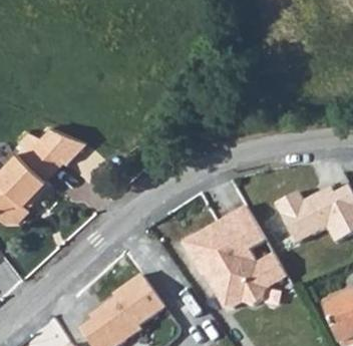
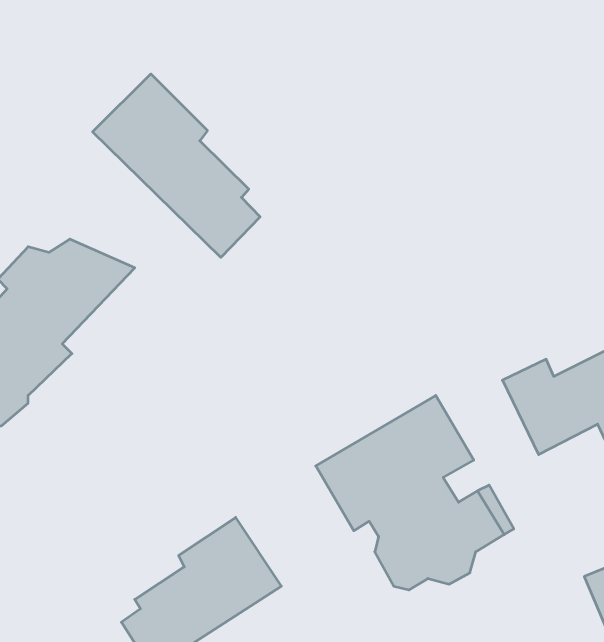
building: none -> [93,74,260,257]

